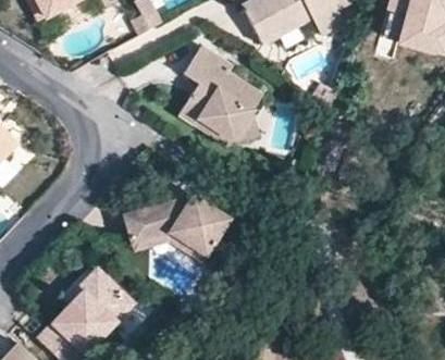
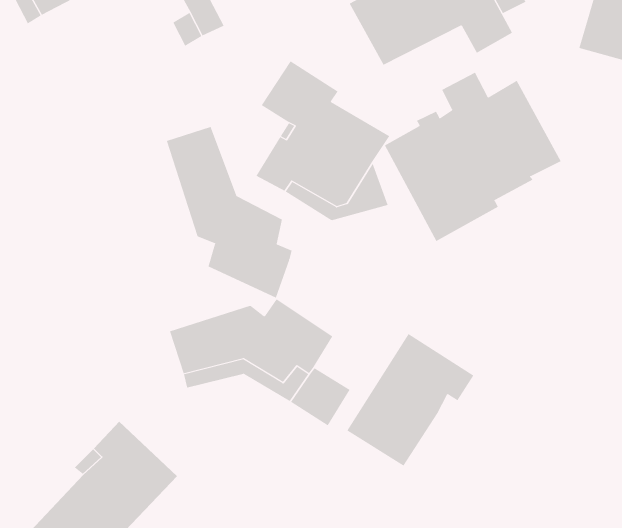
building: none -> [384,72,562,242]
building: none -> [166,126,292,298]
building: none -> [346,333,474,467]

